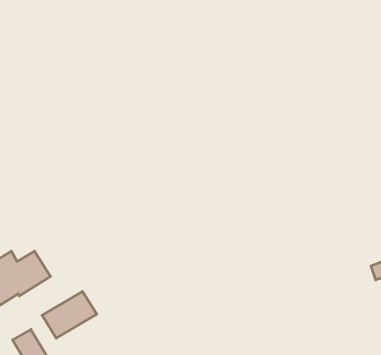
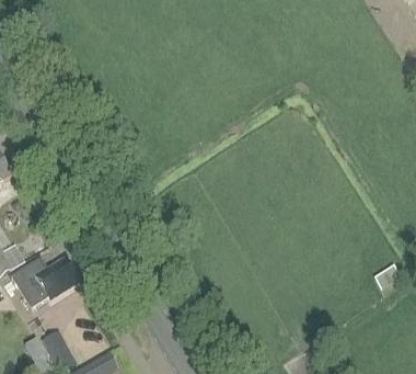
building: [42,291,97,338] -> none

